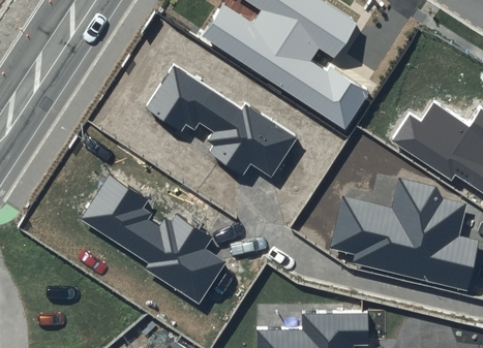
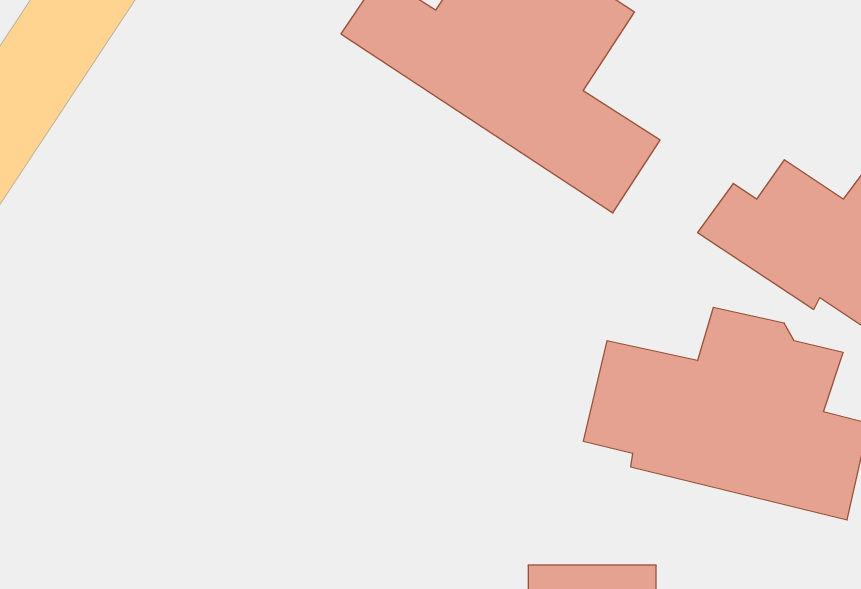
building: [147,66,297,178] -> none
building: [82,173,225,304] -> none

